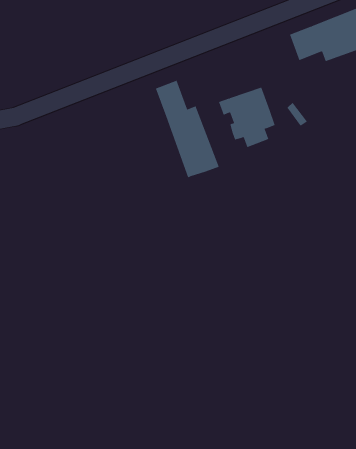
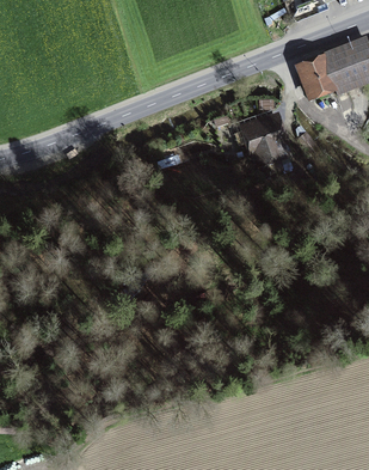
building: [155,80,219,178] -> none

